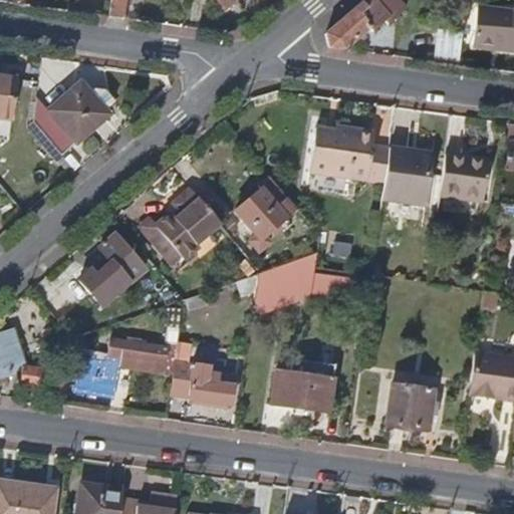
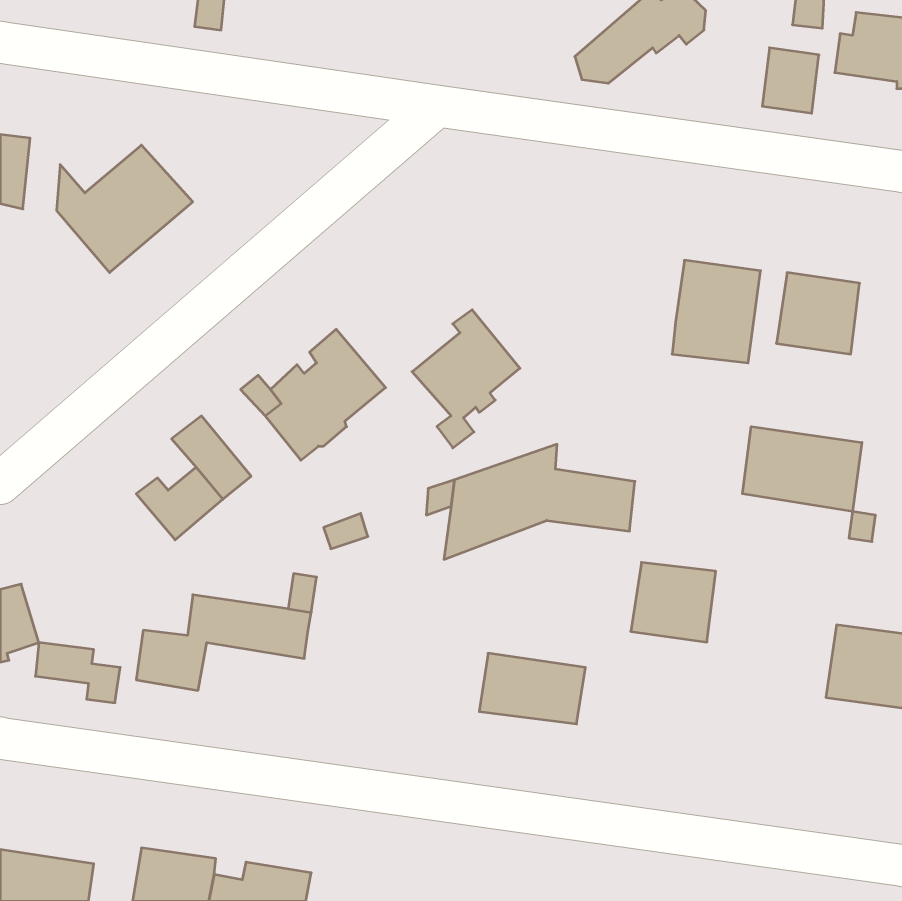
building: [311,127,390,183] -> none
building: none -> [742,427,862,512]
building: [172,351,238,404] -> none
building: [387,383,435,429] -> [631,562,716,642]

